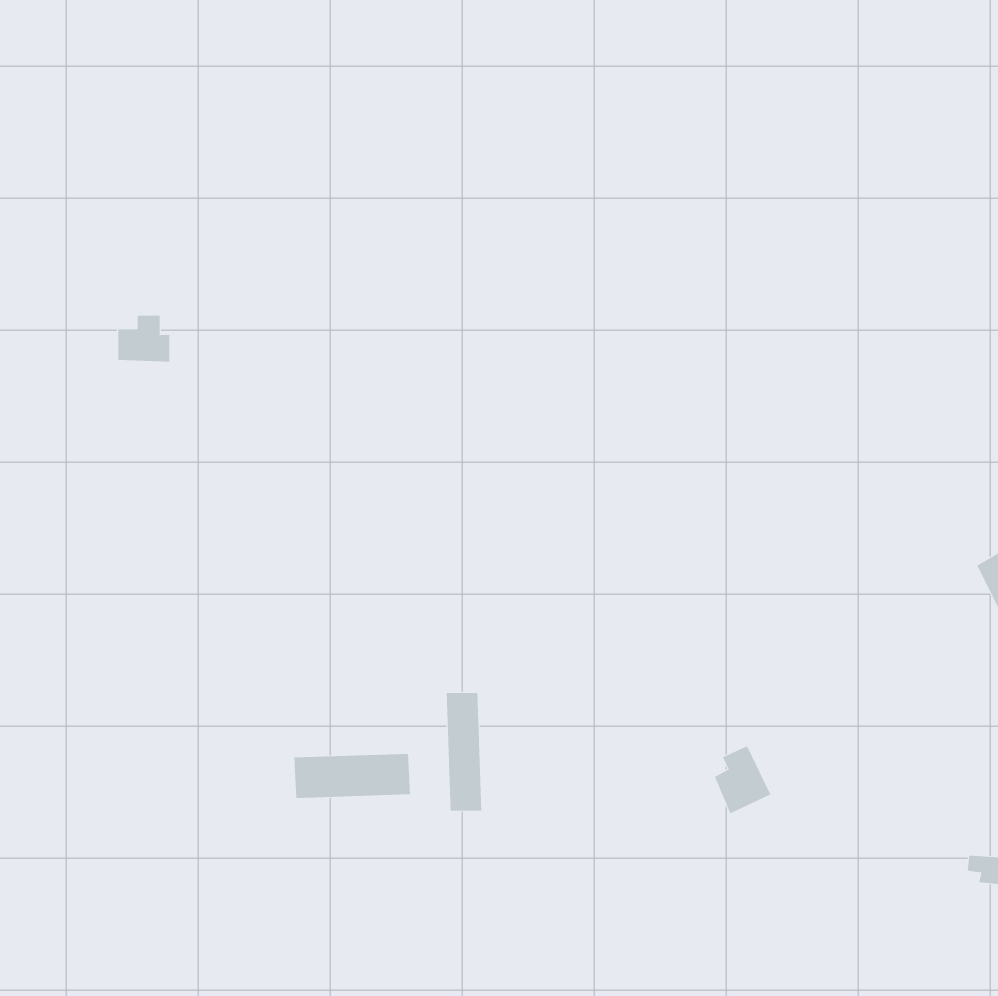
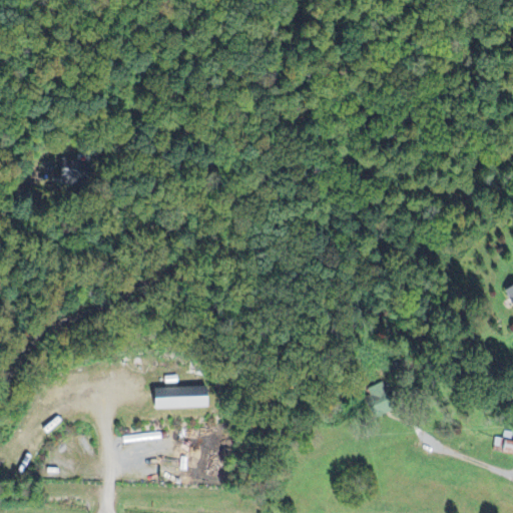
building: [446,692,482,812] -> none

